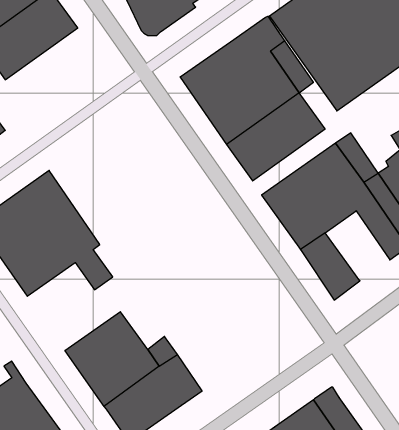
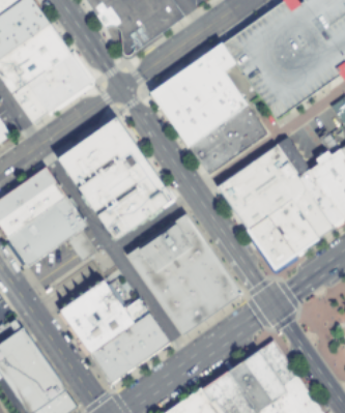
building: none -> [11,53,90,123]
building: none -> [58,117,174,240]
building: none -> [267,199,319,255]
building: none -> [127,213,242,335]

